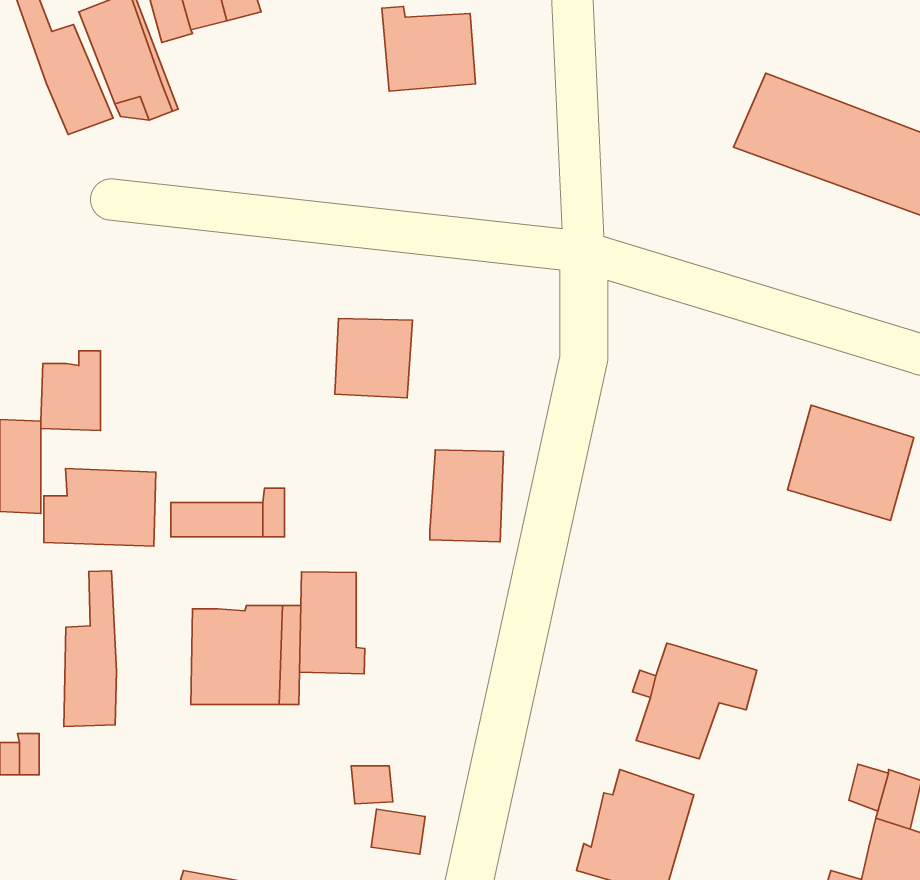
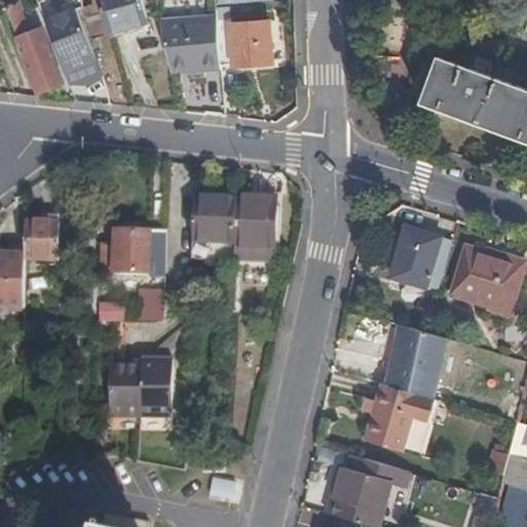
building: none -> [161,20,222,71]
building: none -> [391,231,451,291]
building: [430,450,504,542] -> [233,196,275,248]
building: [44,469,156,546] -> [101,230,165,274]
building: none -> [385,322,445,397]
building: [64,571,117,726] -> none
building: [299,572,365,674] -> none

